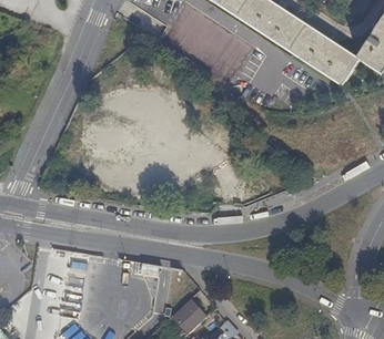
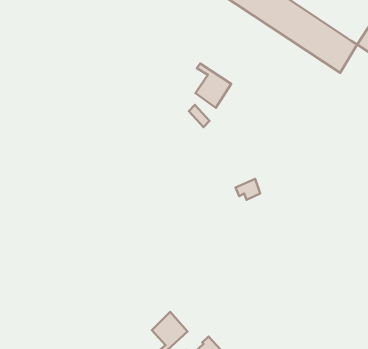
building: none -> [196,64,231,108]

